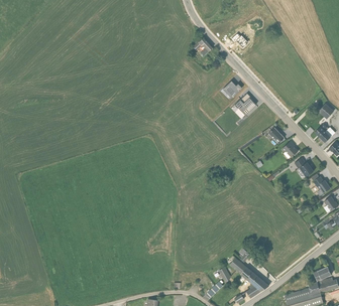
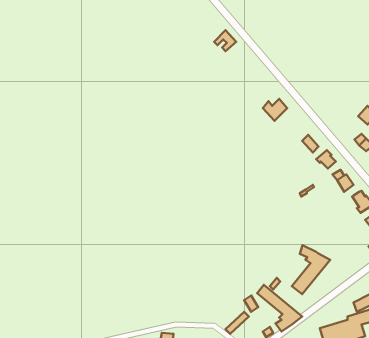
building: none -> [292,245,330,294]

